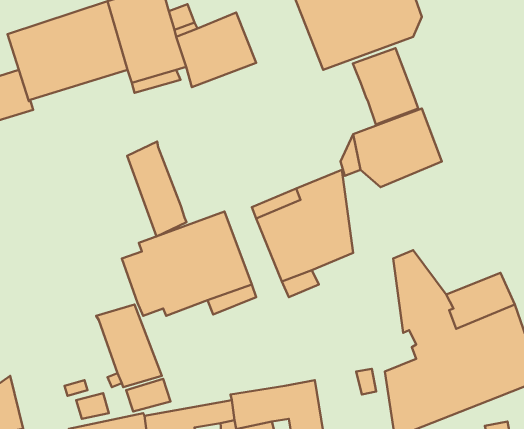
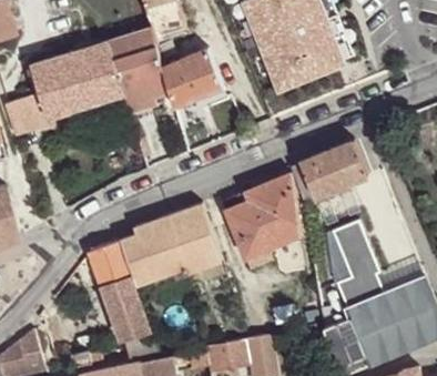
building: [353,48,418,125] -> none
building: [127,141,186,236] -> none
building: none -> [88,242,130,285]

